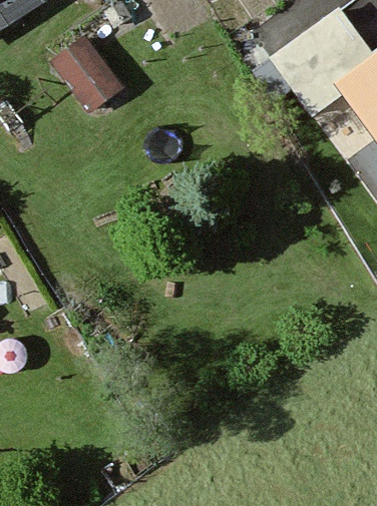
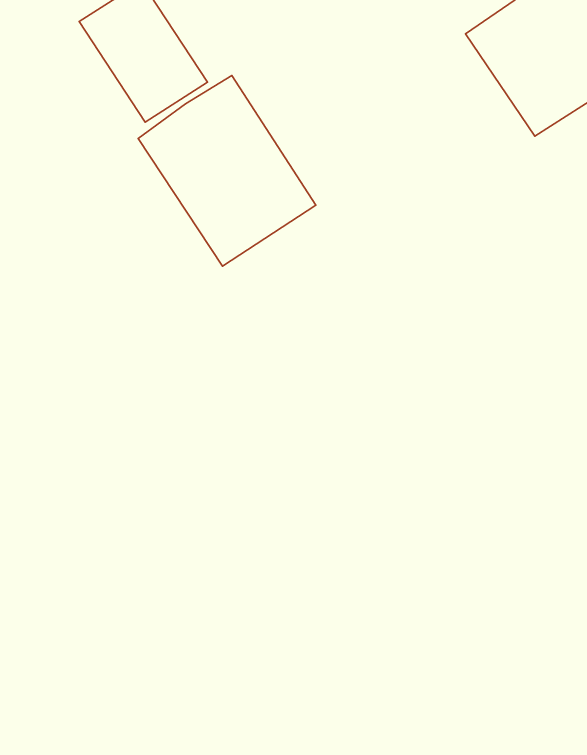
building: none -> [138,76,316,266]

